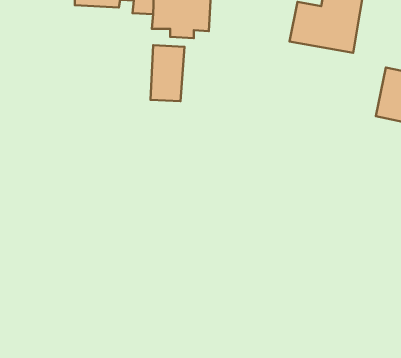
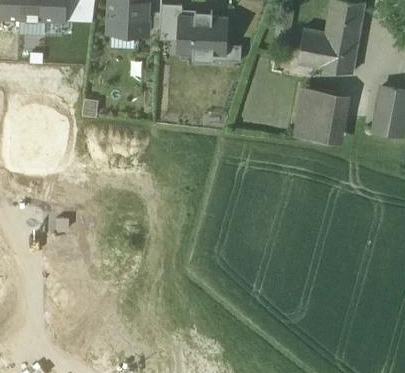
building: [150,45,184,101] -> none
building: none -> [293,88,337,144]

